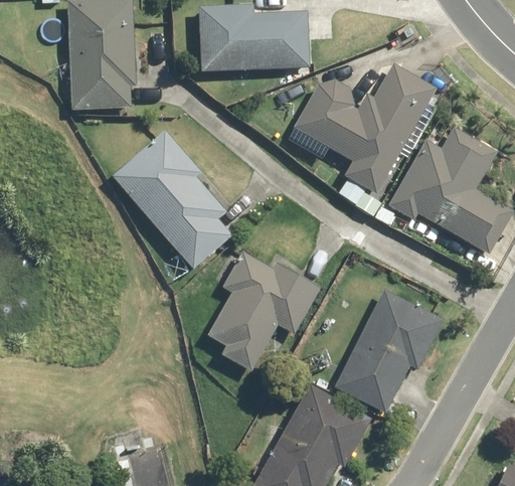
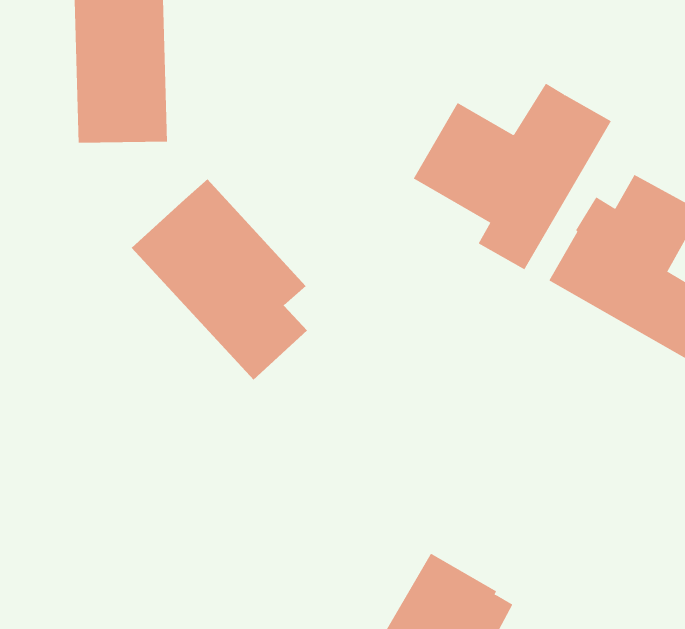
building: [203,12,307,70] -> none
building: [207,253,320,374] -> none
building: [334,289,441,413] -> none

